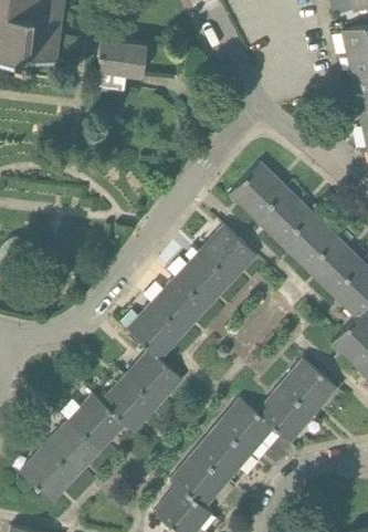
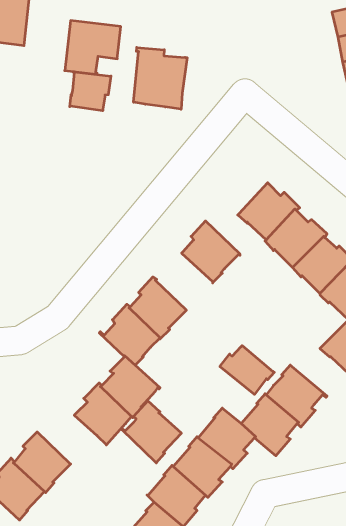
building: none -> [134,47,187,109]
building: none -> [70,72,111,111]
building: [229,161,286,218] -> none
building: [178,250,231,309] -> none
building: none -> [220,346,274,394]
building: [69,394,124,451] -> [122,401,181,463]

